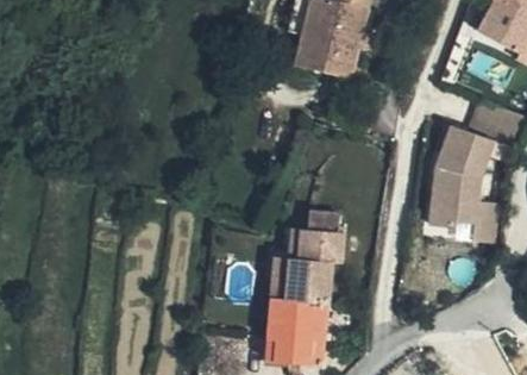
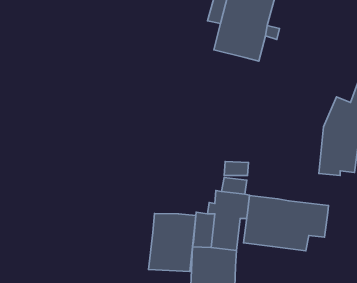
building: none -> [243,195,329,251]
building: none -> [149,213,196,271]

